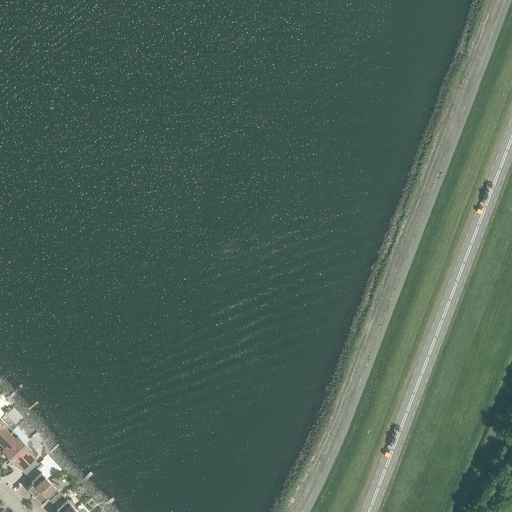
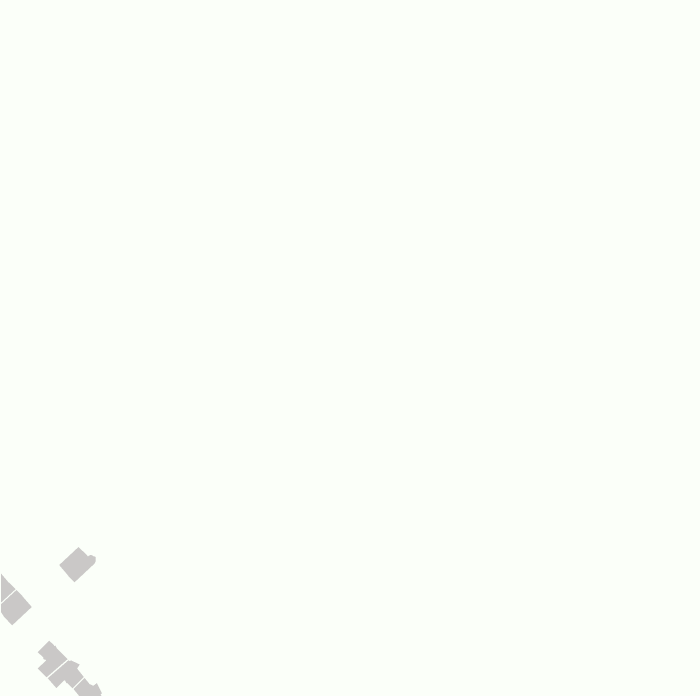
building: [9,446,37,473] -> [58,546,96,583]

